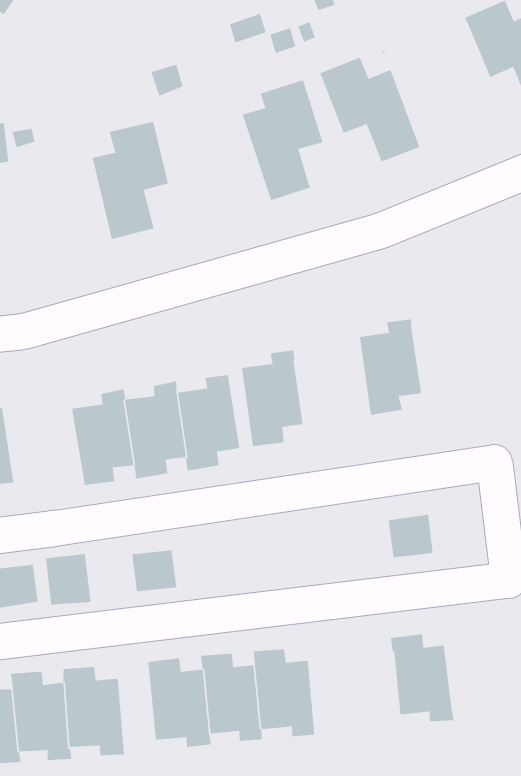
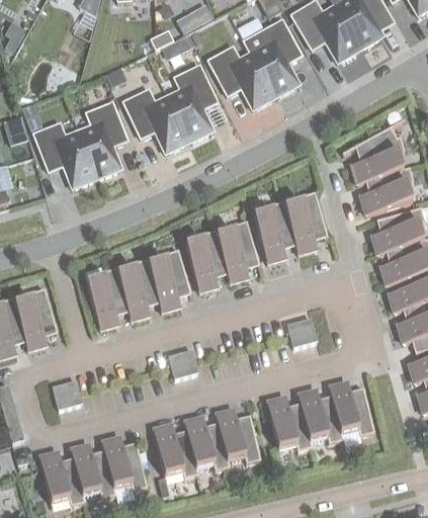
building: none -> [245,20,301,97]
building: none -> [123,90,189,153]
building: none -> [33,123,96,188]
building: none -> [285,192,328,254]
building: none -> [217,221,259,282]
building: [131,550,177,592] -> [168,350,198,378]
building: [45,553,91,605] -> none
building: none -> [328,382,373,436]
building: none -> [266,399,312,451]

